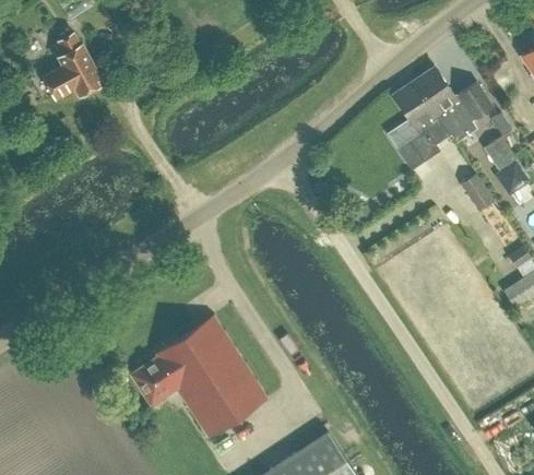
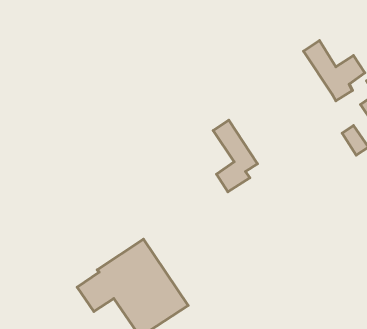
building: [43,34,99,99] -> none
building: [393,81,449,170] -> [213,120,258,192]

